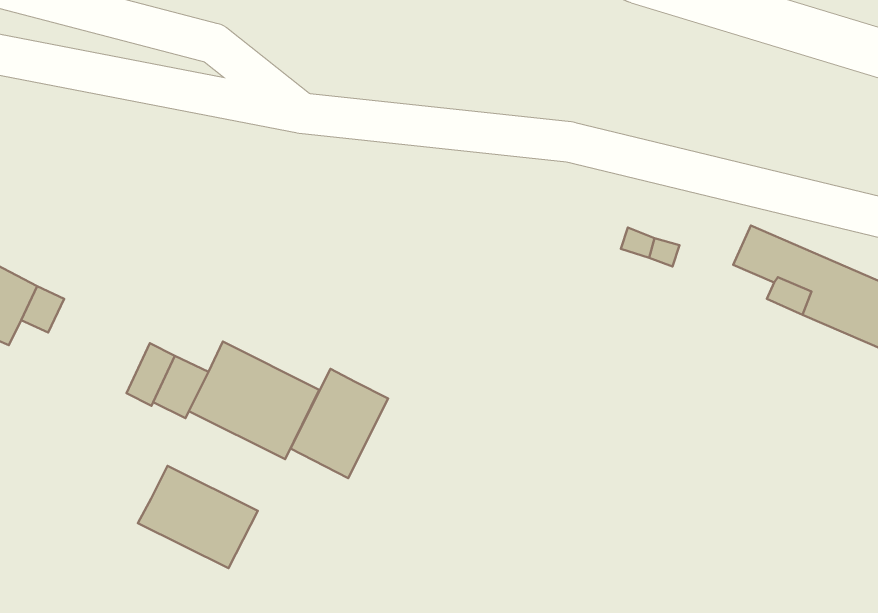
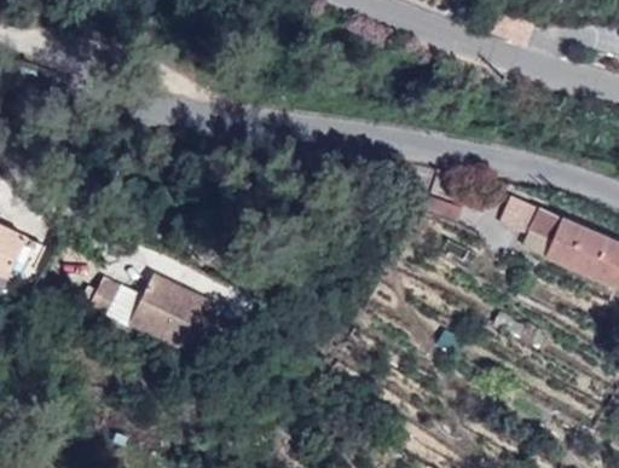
building: [291,369,388,478] -> none
building: [138,466,258,568] -> none

